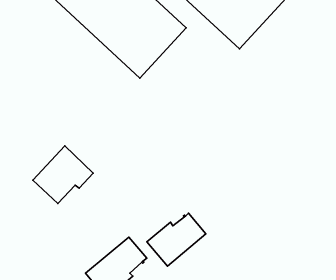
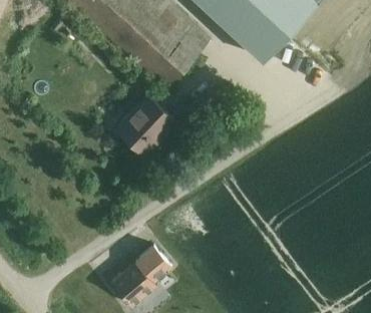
building: [33,146,93,203] -> [117,97,177,154]
building: [147,213,206,266] -> none

